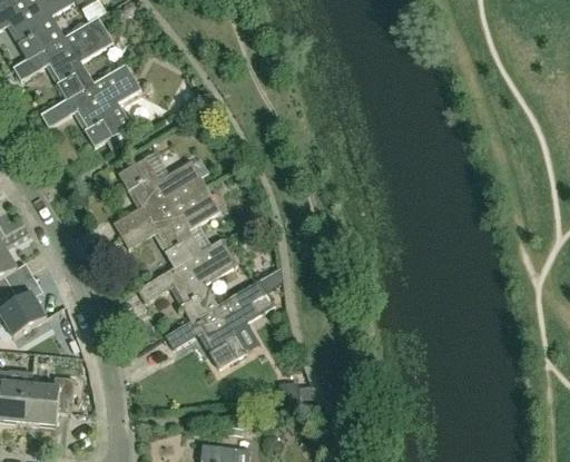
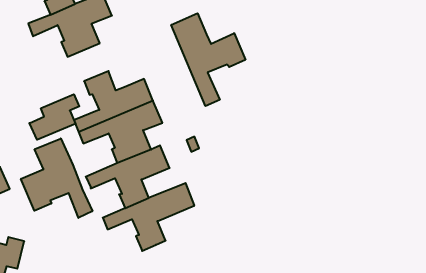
building: none -> [171,13,245,106]
building: none -> [29,94,79,140]
building: none -> [21,138,92,218]

